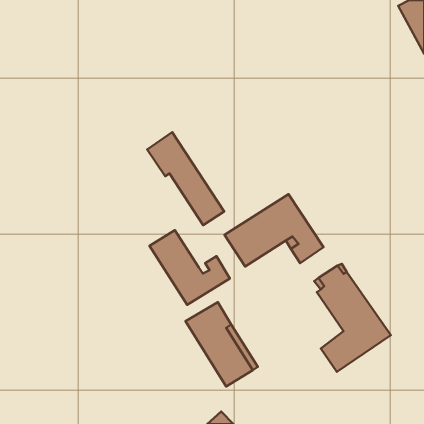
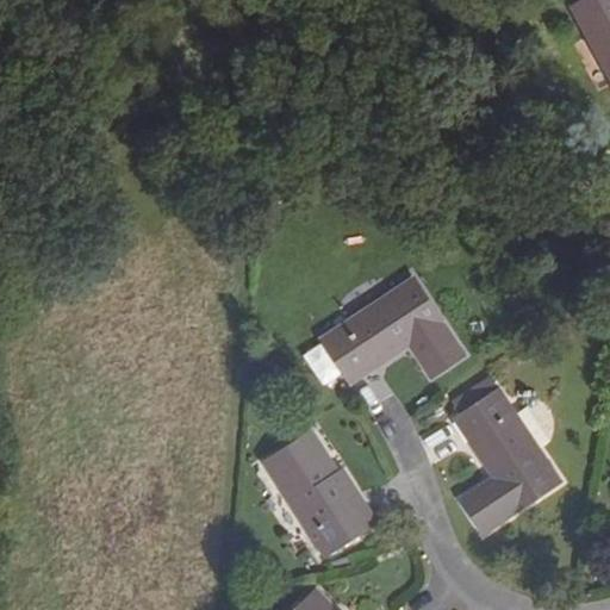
building: [147,132,224,225] -> none
building: [149,230,230,305] -> none

